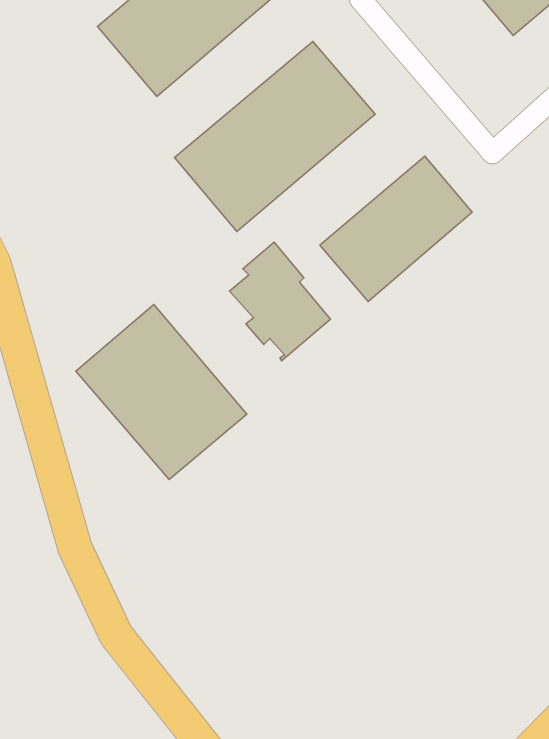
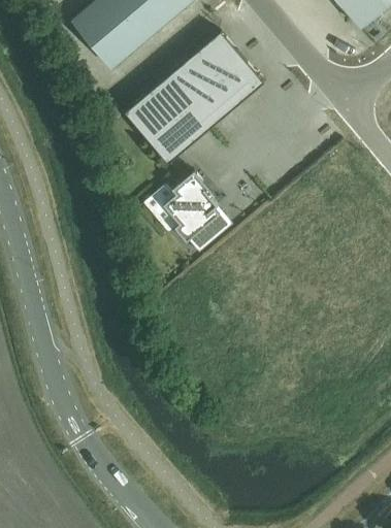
building: [320,156,472,302] -> none
building: [76,305,247,479] -> none

